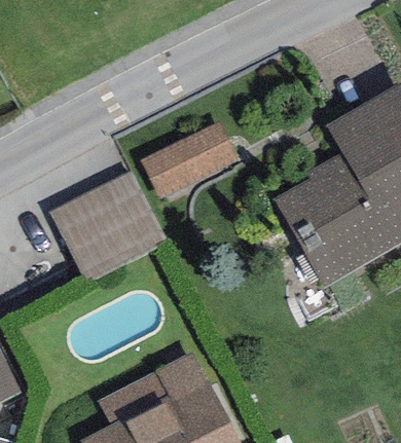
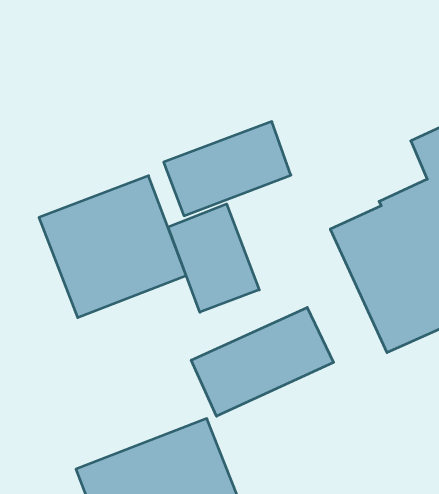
building: none -> [168,204,259,312]
building: none -> [191,307,334,416]

